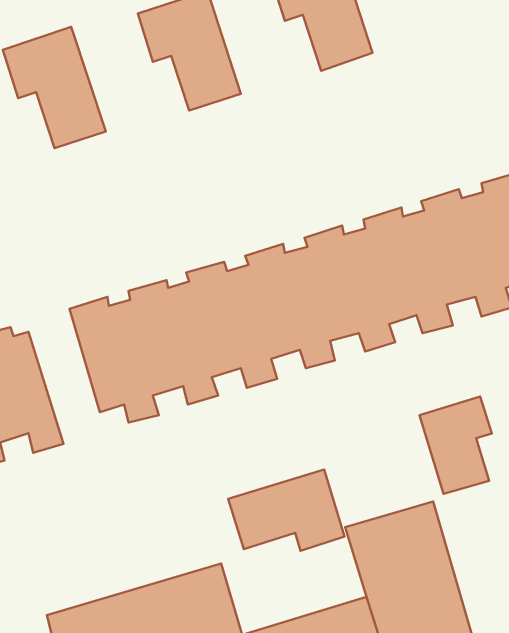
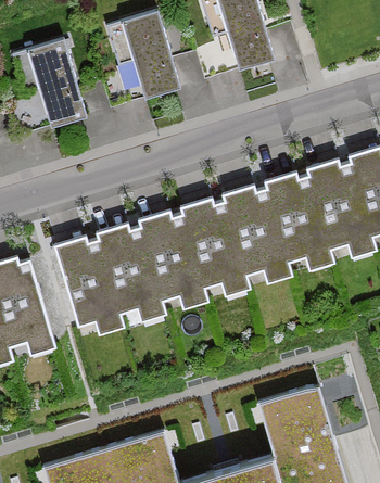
building: [419,397,492,494] -> none
building: [228,469,345,551] -> none

